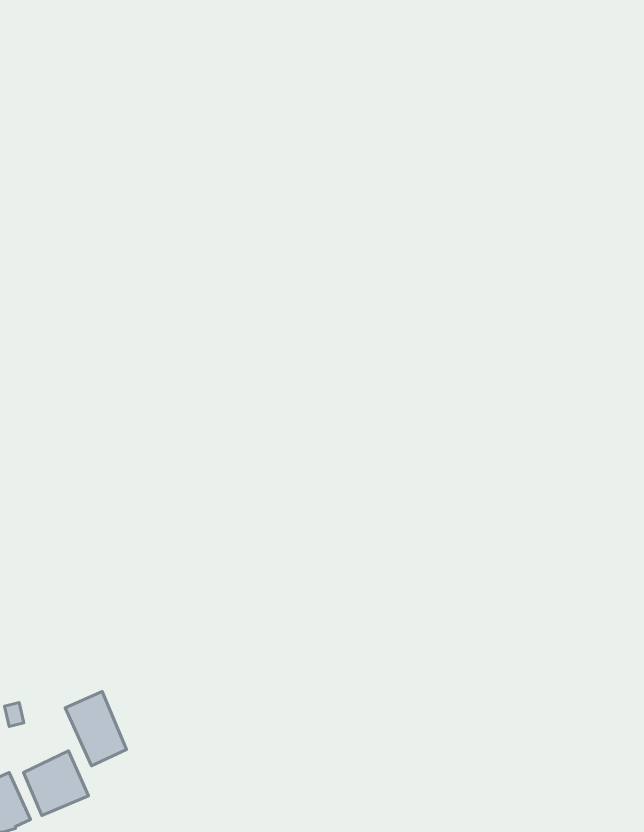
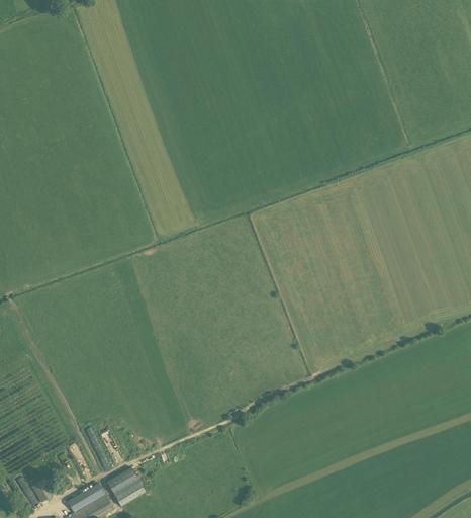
building: [65,692,126,766] -> none

